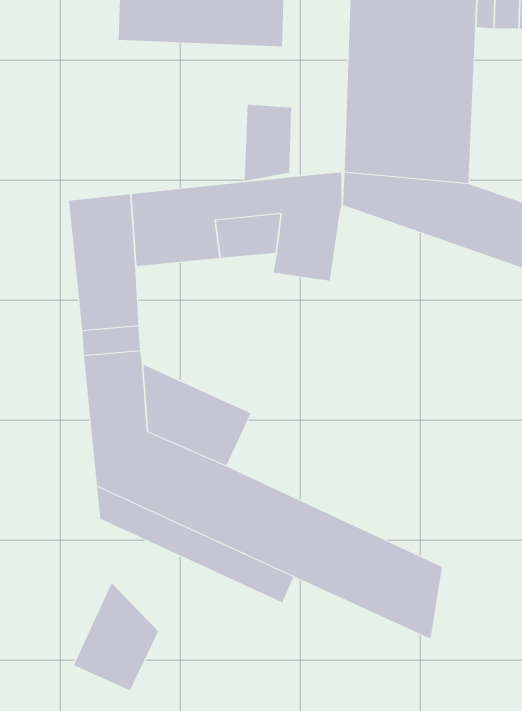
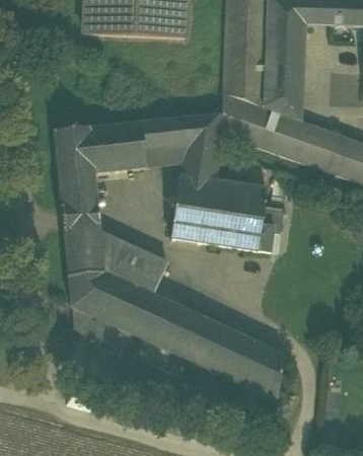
building: [244,104,292,182] -> none
building: none -> [169,174,282,251]
building: [73,582,159,691] -> none

